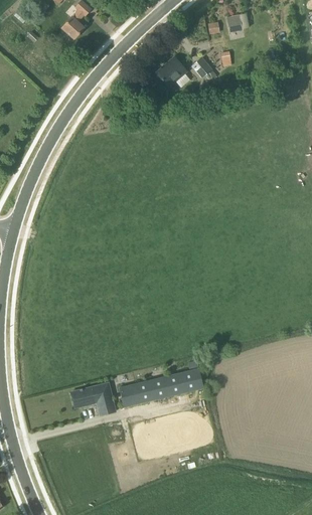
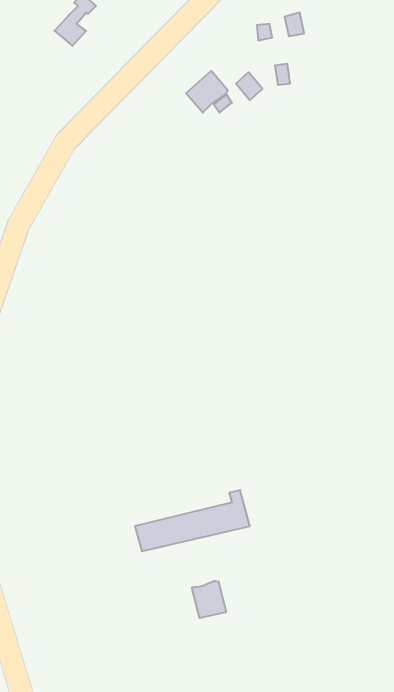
building: [70,384,114,415] -> none
building: none -> [192,581,226,618]

